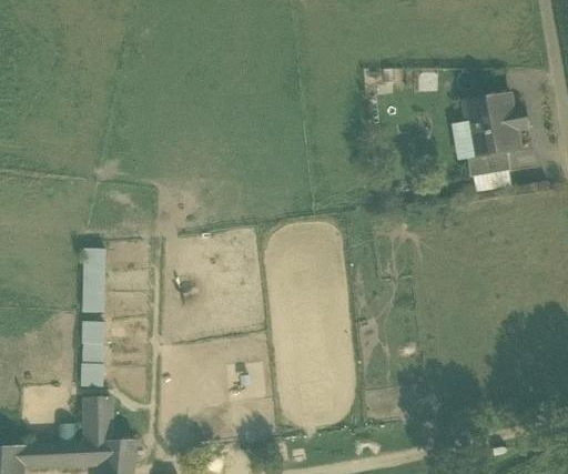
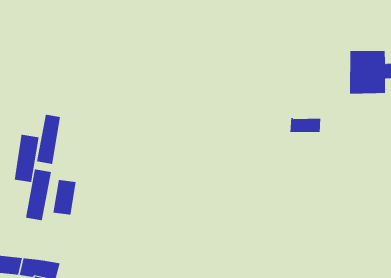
building: [468,151,510,177] -> [290,117,321,133]
building: none -> [14,134,39,183]
building: [85,395,110,441] -> [53,180,77,215]

